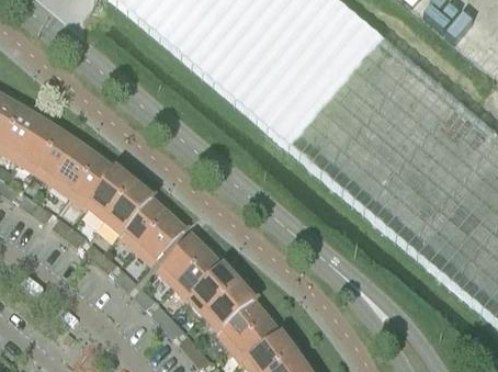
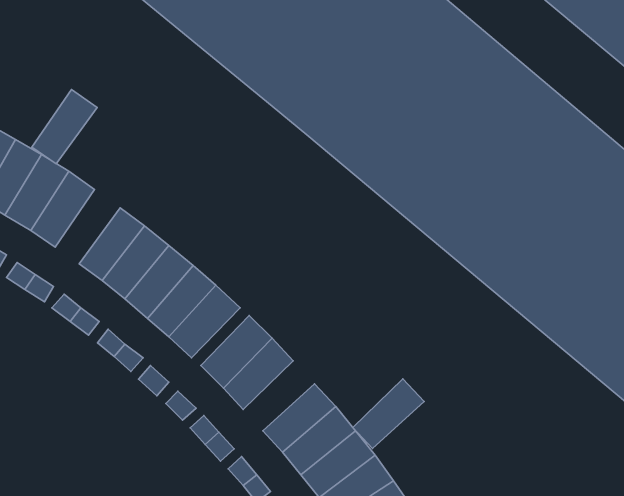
building: [52,140,99,194] -> [32,89,97,164]
building: [188,264,239,315] -> [353,379,424,449]

